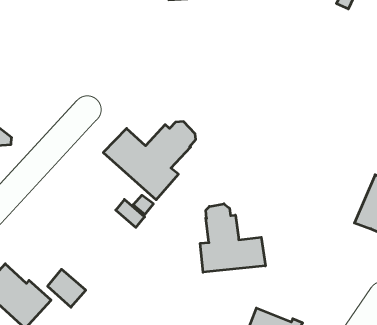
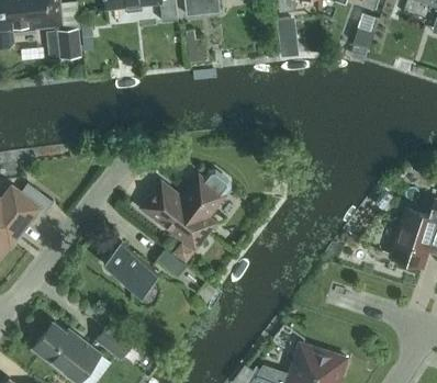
building: none -> [103,243,158,293]
building: [200,204,265,272] -> none

